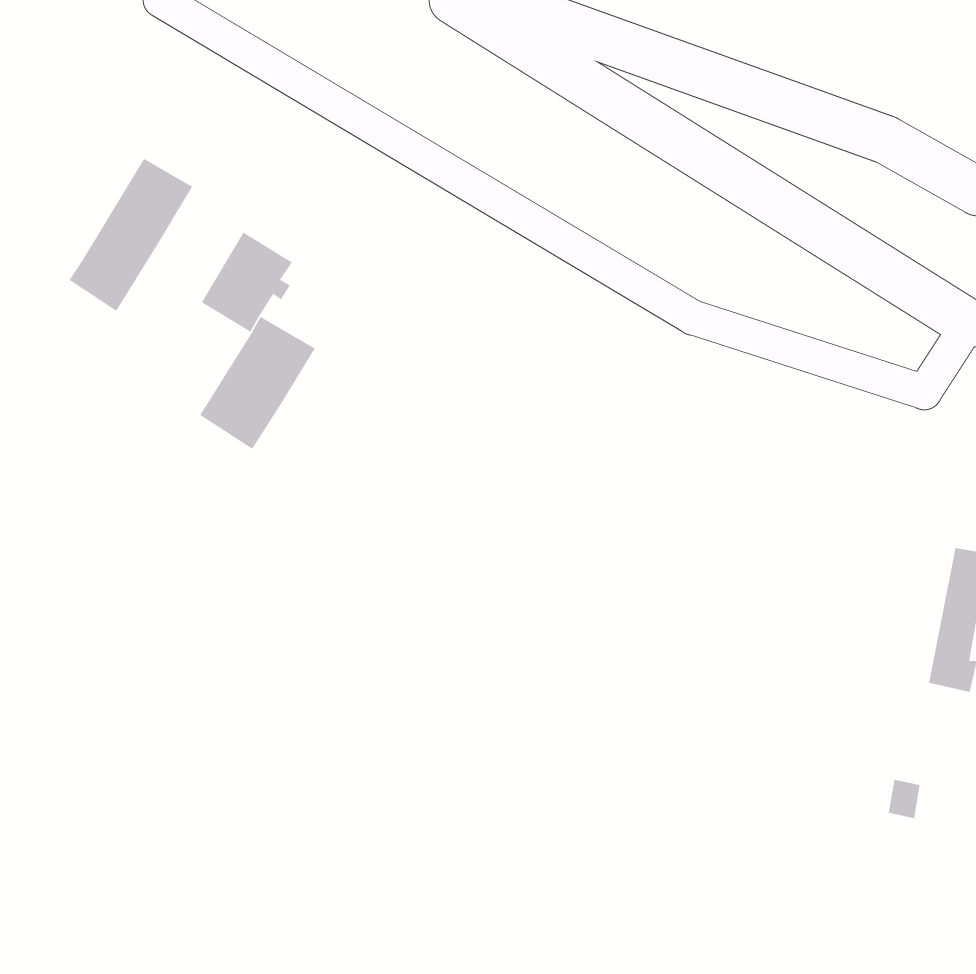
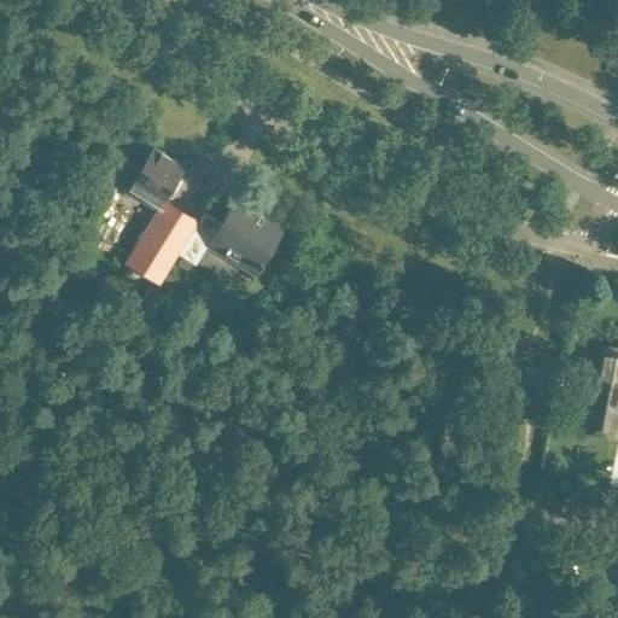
building: [69,158,193,312] -> none
building: none -> [180,199,286,278]

